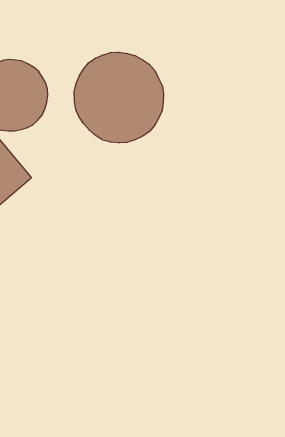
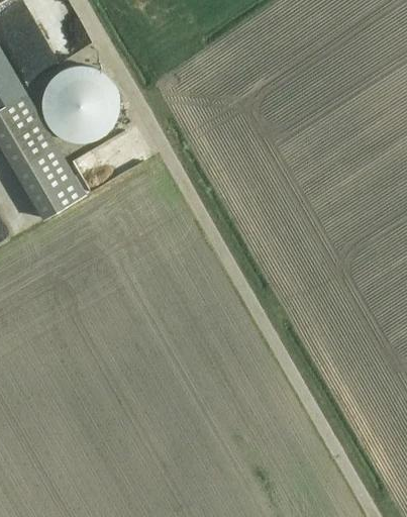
building: [74,52,164,143] -> none

